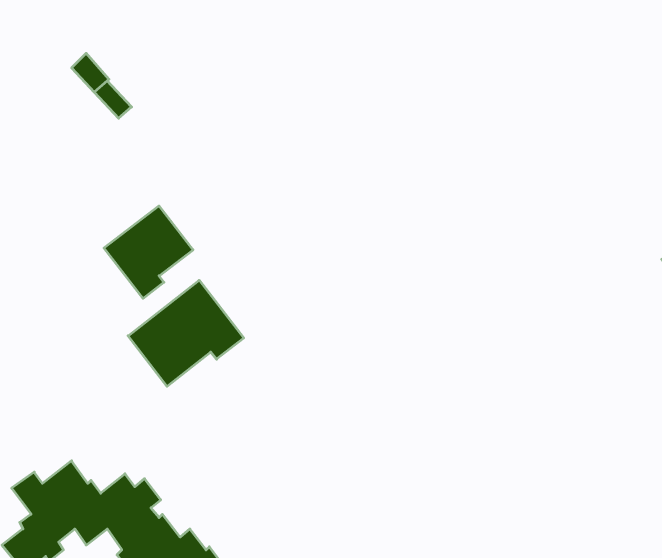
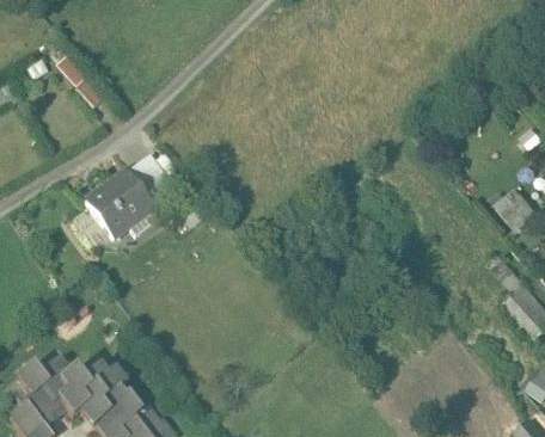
building: [128,280,244,386] -> none

